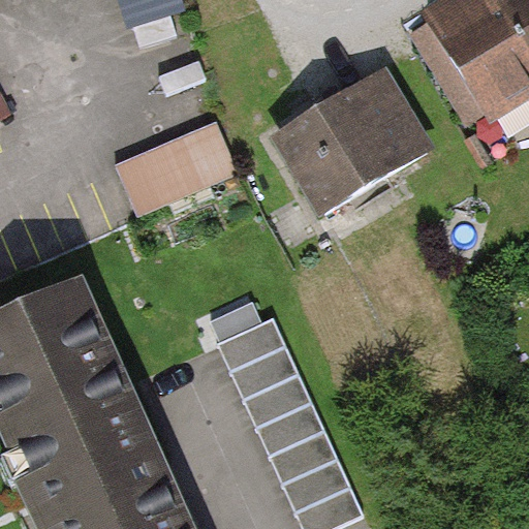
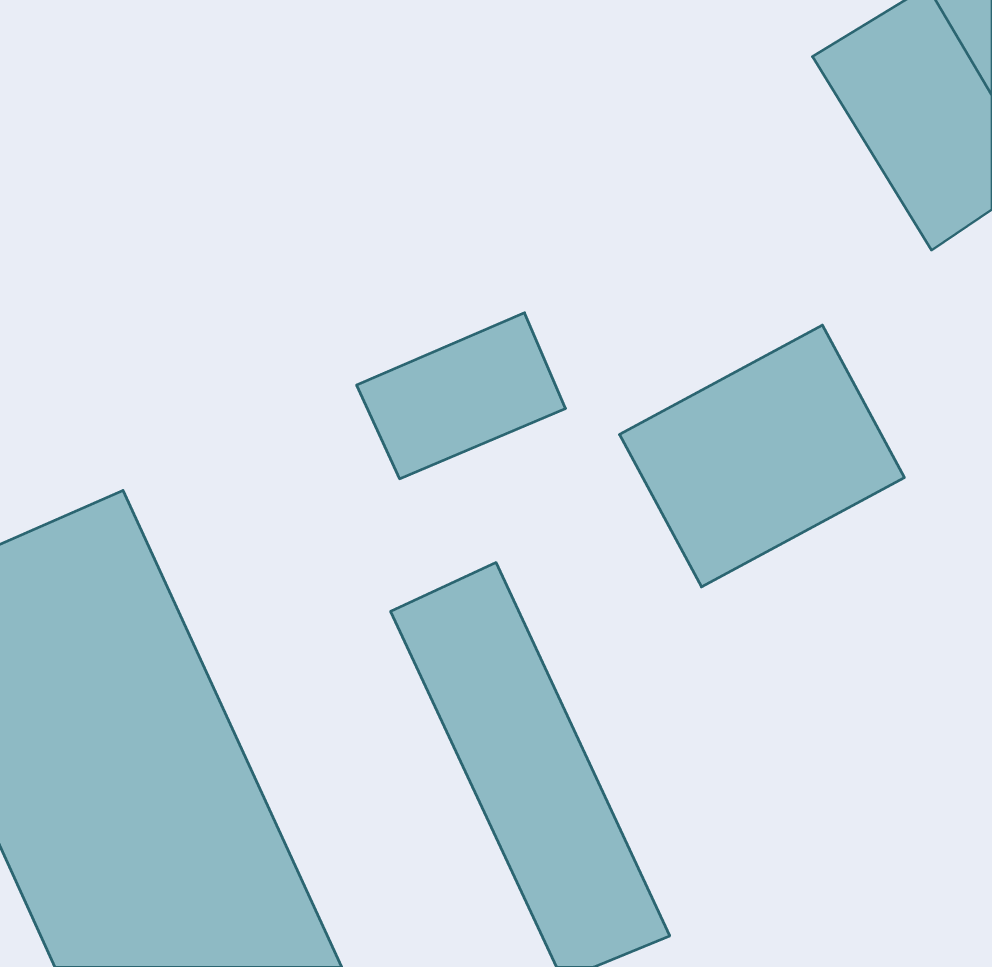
building: [278,77,429,216] -> [619,325,904,587]
building: [125,125,236,213] -> [357,313,566,479]

